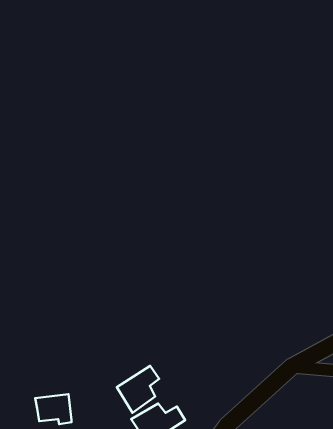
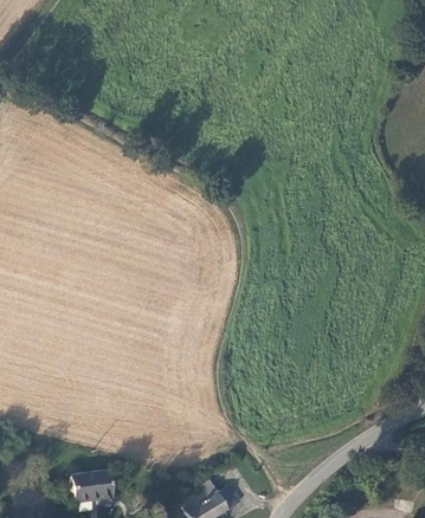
building: [117,366,159,413] -> none

